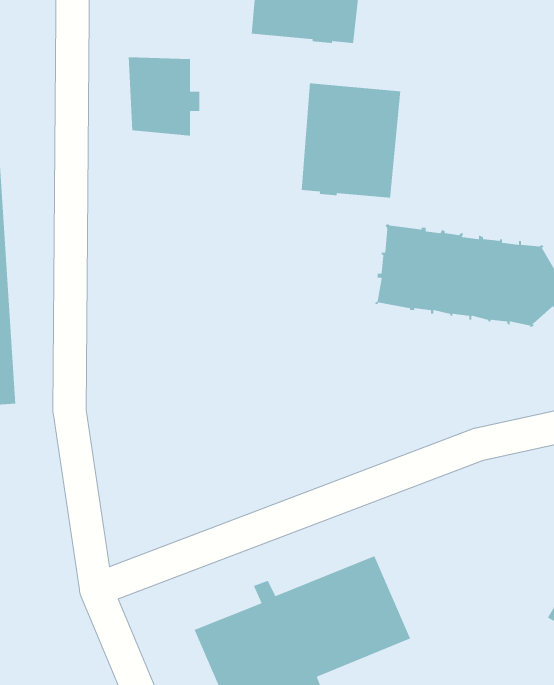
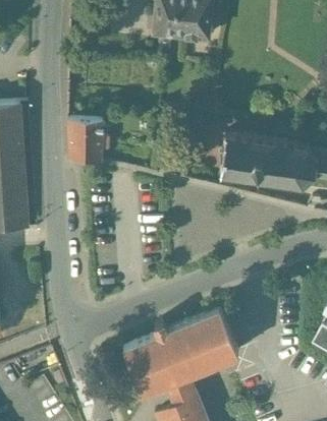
building: [128,57,200,137] -> [68,119,107,162]
building: [301,83,401,198] -> none

